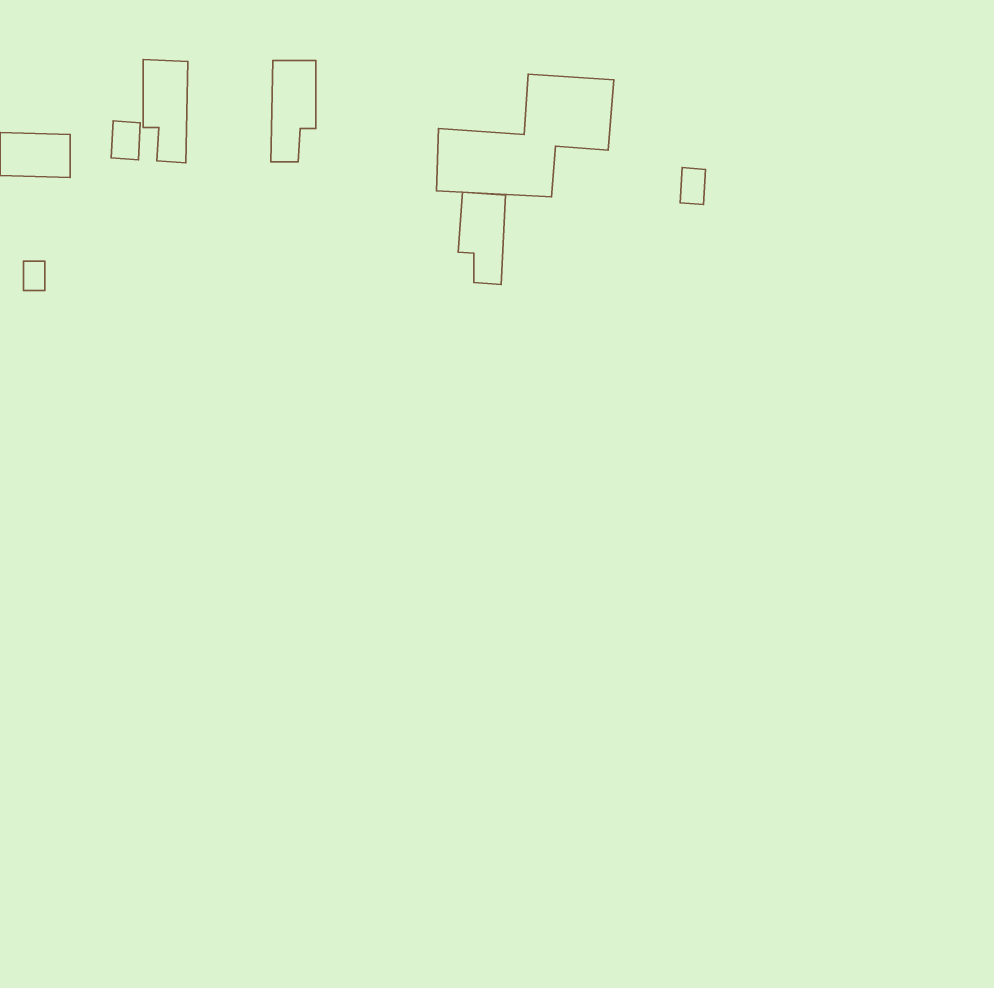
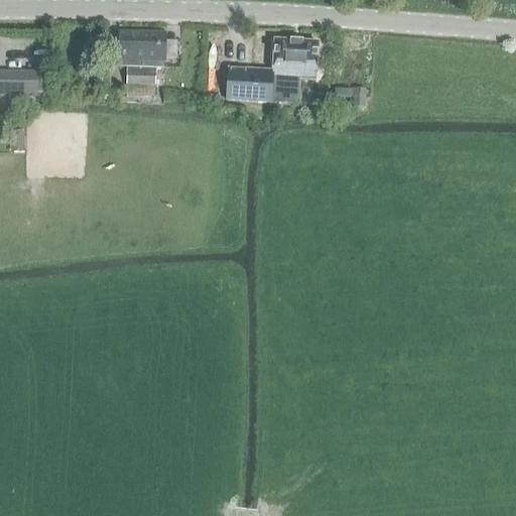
building: [143,59,188,163] -> [119,30,142,84]
building: [458,192,506,284] -> none

